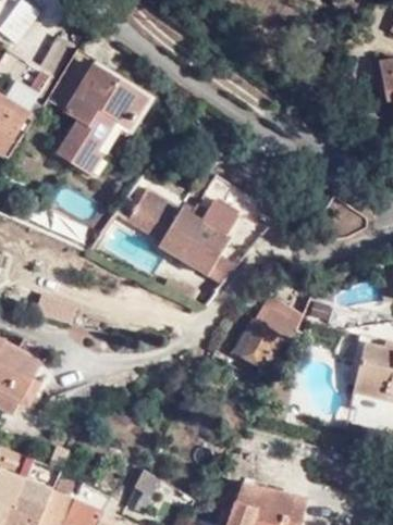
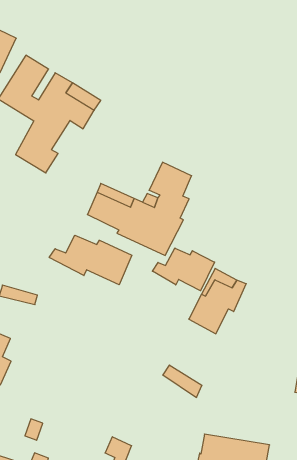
building: none -> [49,235,132,285]
building: none -> [152,248,215,291]

